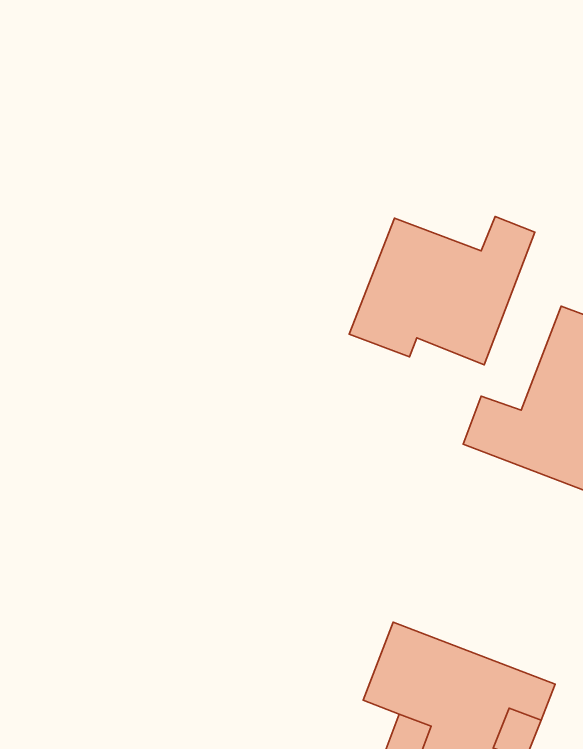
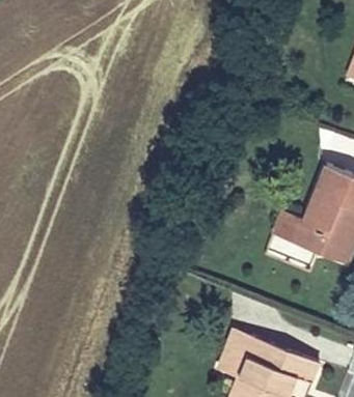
building: [349,217,535,365] -> none

